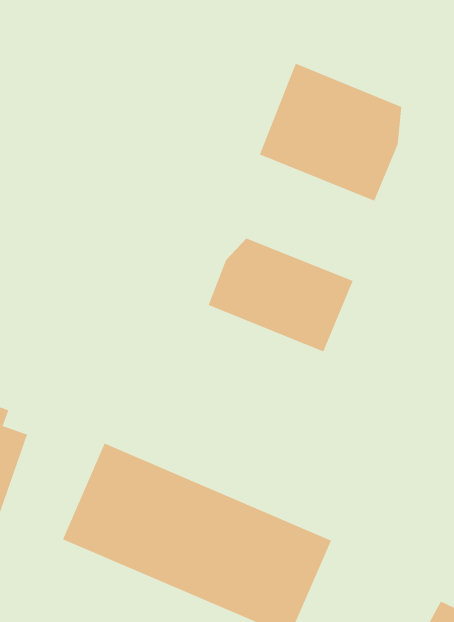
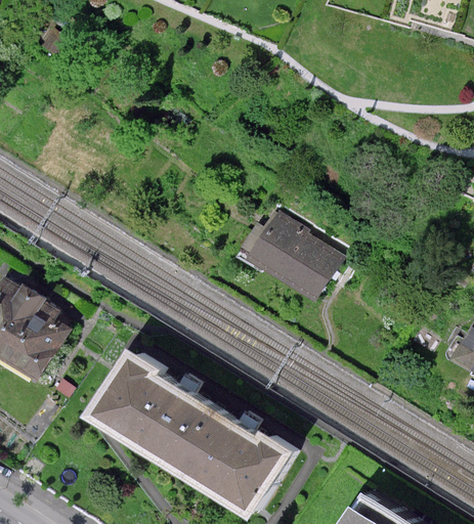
building: [259,63,402,201] -> none

